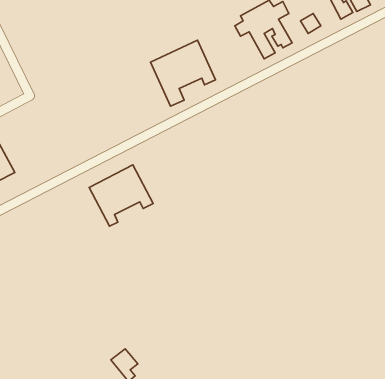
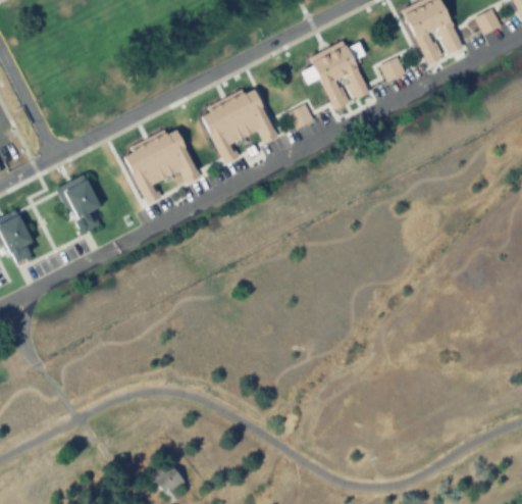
building: none -> [289,104,313,130]
building: none -> [56,173,100,231]
building: [89,165,153,226] -> [121,127,199,201]

